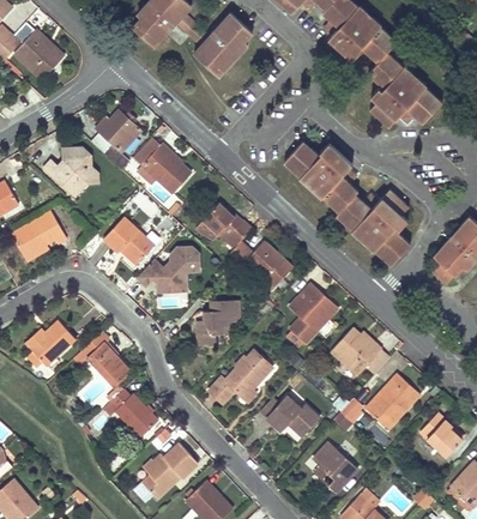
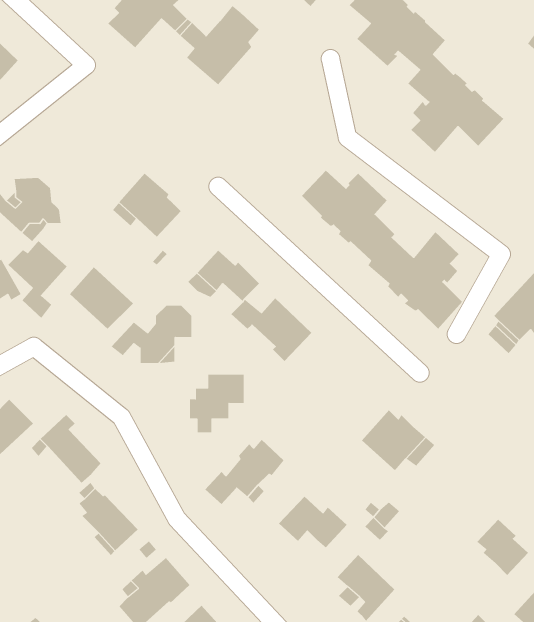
building: [95,110,141,171] -> [8,240,68,319]
building: [289,284,338,344] -> none
building: [366,374,419,429] -> none

